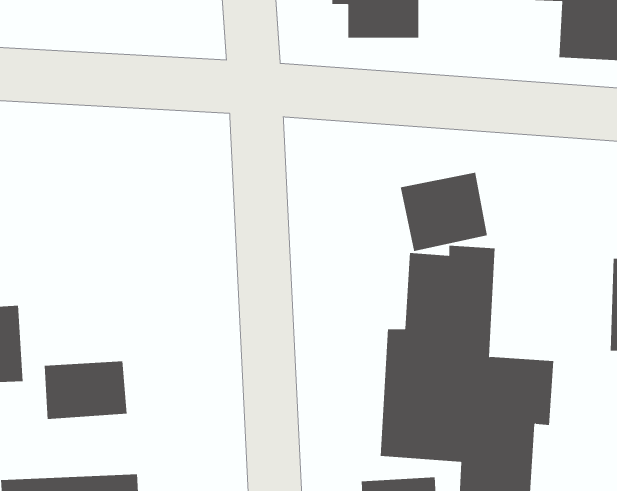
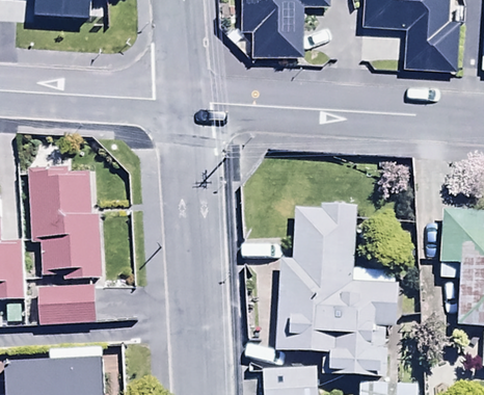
building: [400,172,488,252] -> none
building: none -> [29,167,103,279]

